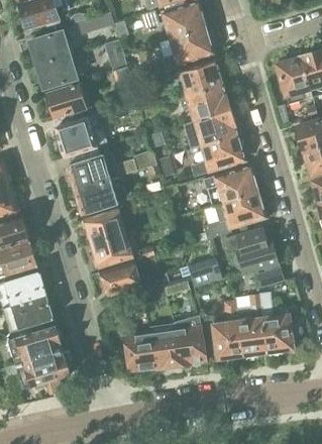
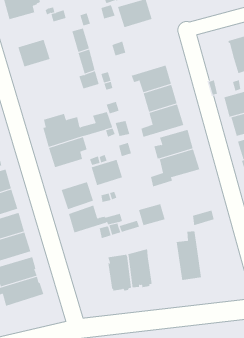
building: [29,26,73,63] -> none
building: [170,27,213,63] -> none
building: [277,58,313,103] -> none
building: [179,60,223,96] -> none
building: [45,82,86,117] -> none
building: [56,114,108,155] -> none
building: [84,208,124,241] -> [91,159,123,186]
building: [233,225,279,272] -> none
building: [259,292,294,351] -> none
building: [212,299,242,358] -> none
building: [112,309,154,371] -> none

